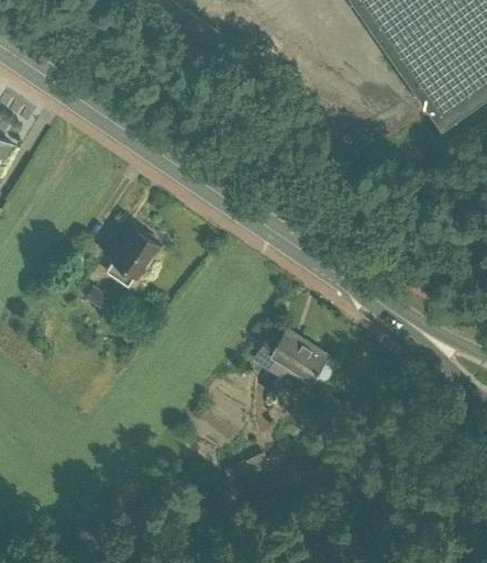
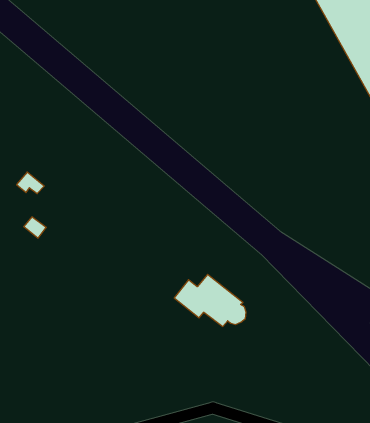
building: [107,227,159,287] -> none

